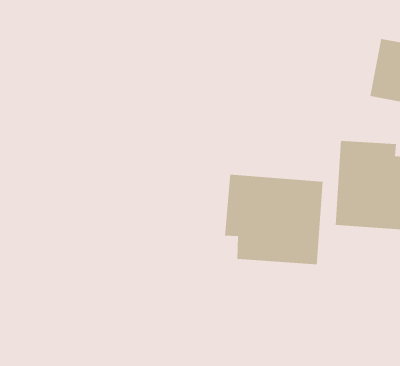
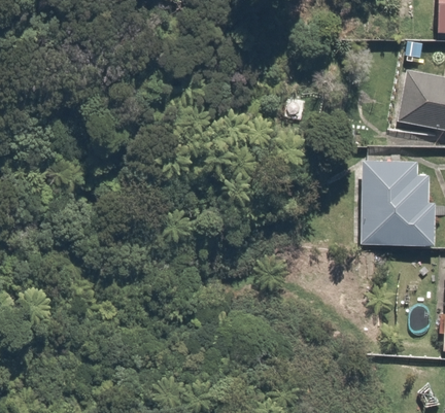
building: [224,174,323,265] -> none

